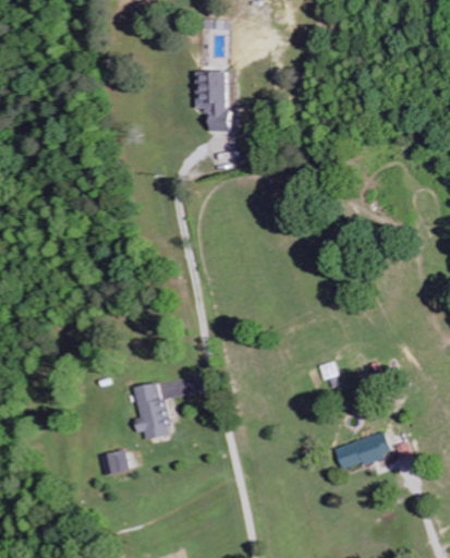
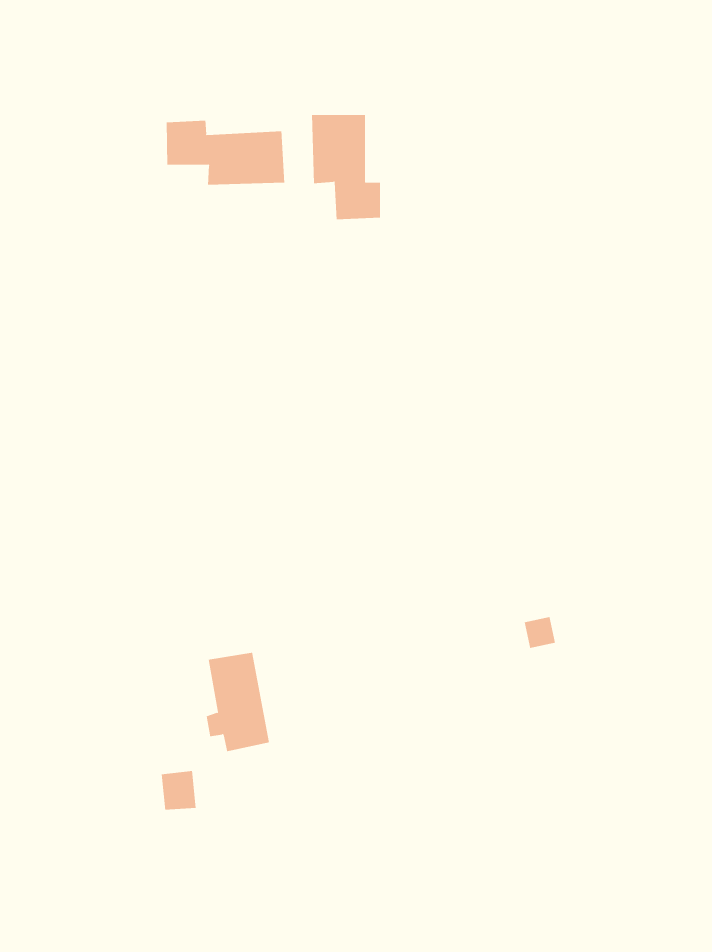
building: none -> [166,120,285,185]
building: [332,433,389,470] -> none

